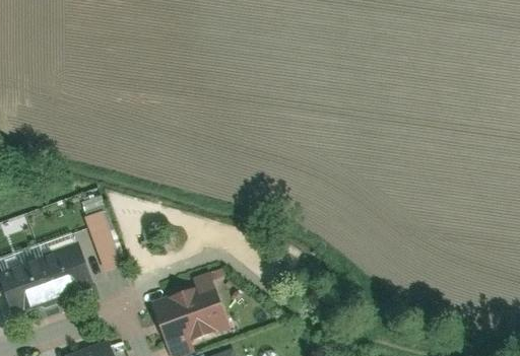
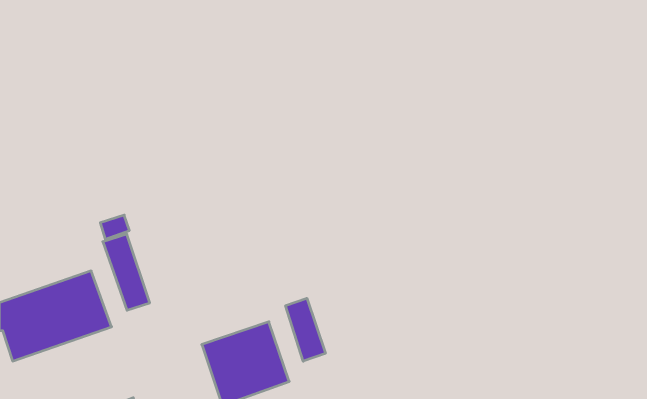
building: none -> [286,298,325,361]

